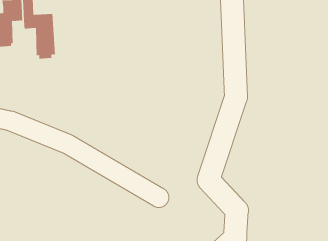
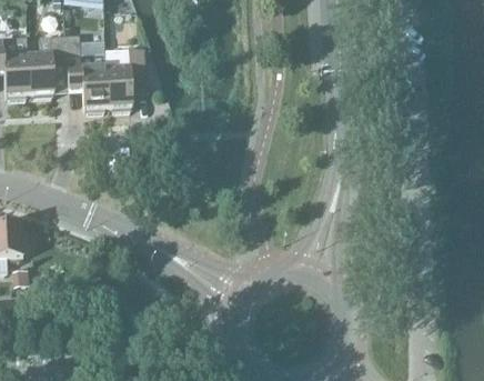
building: none -> [104,49,144,111]

